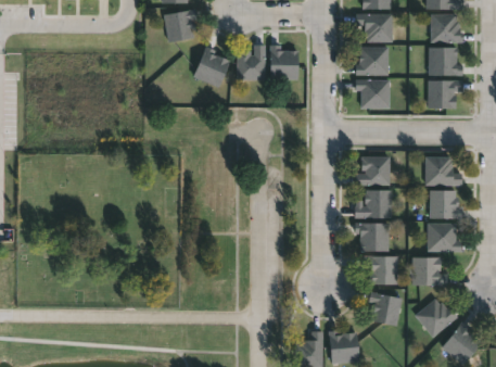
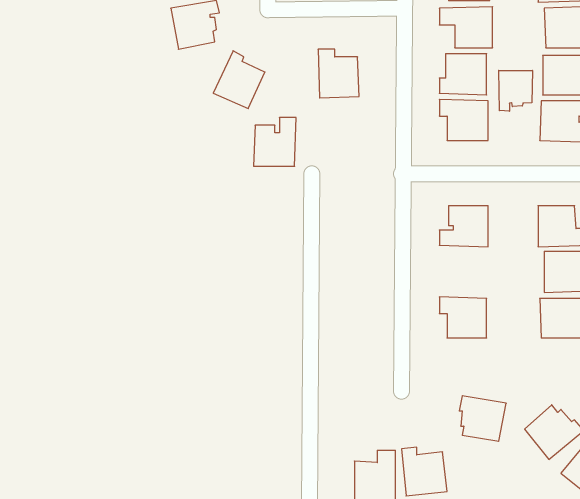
building: [236,43,266,78] -> [254,118,296,166]
building: none -> [499,70,532,111]
building: [356,188,392,217] -> none
building: [363,254,397,283] -> none
building: [412,255,447,283] -> none

